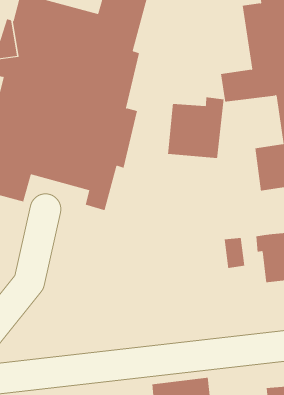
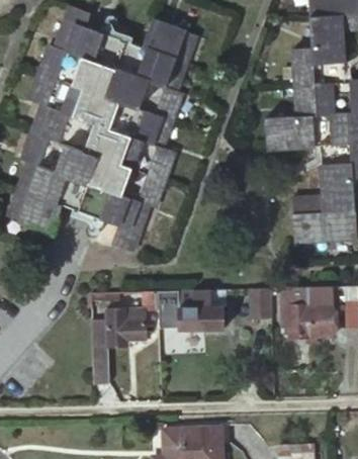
building: [167,97,224,159] -> none
building: none -> [171,289,225,330]
building: none -> [93,291,157,382]

